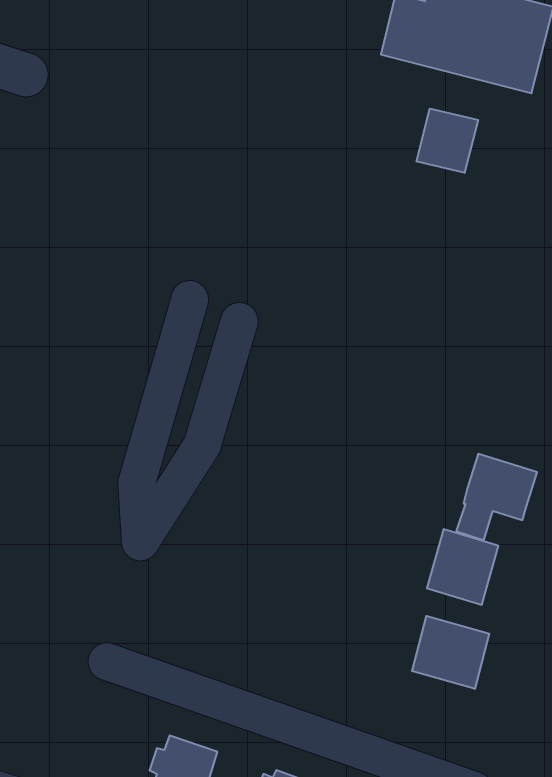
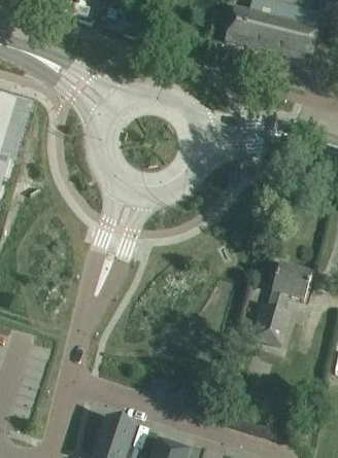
building: [416,109,478,173] -> none
building: [412,616,489,689] -> none

